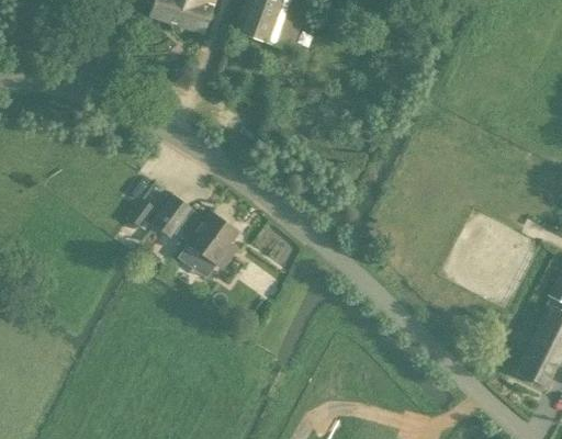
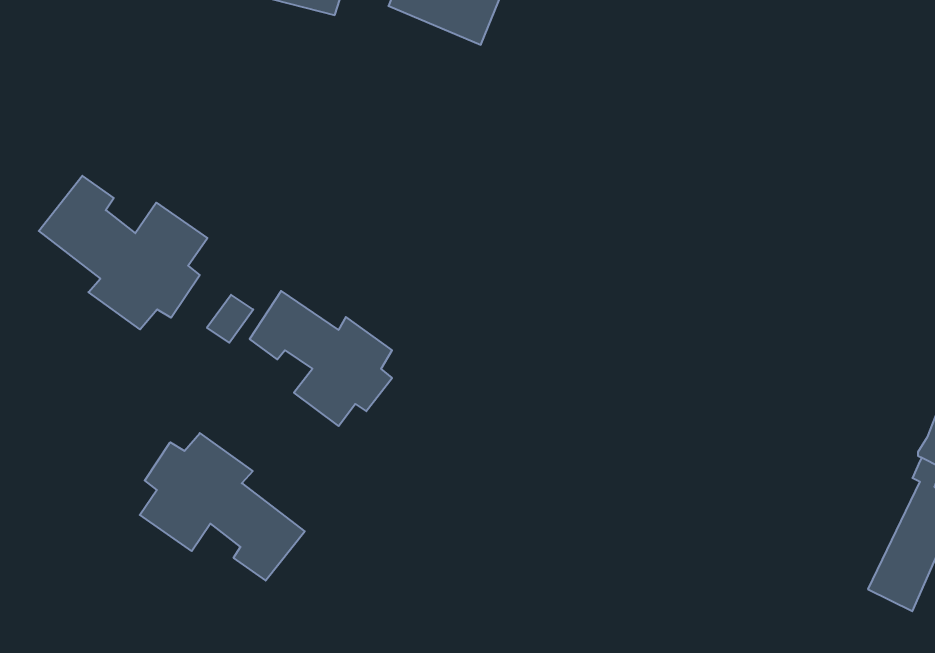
building: none -> [39,176,207,329]
building: none -> [140,433,305,581]

